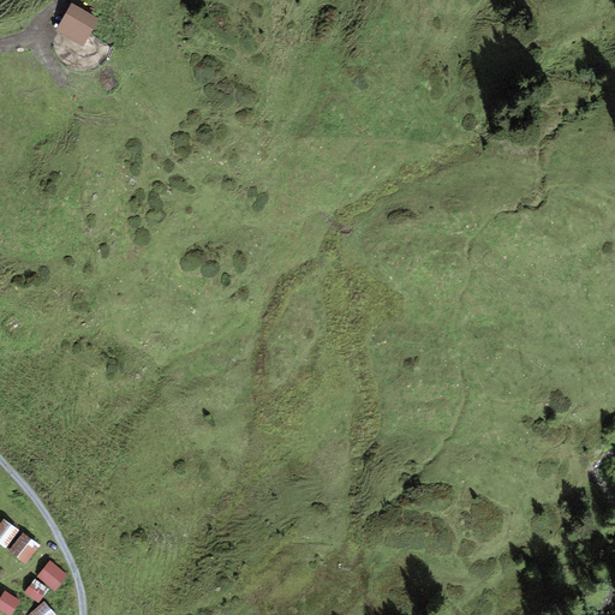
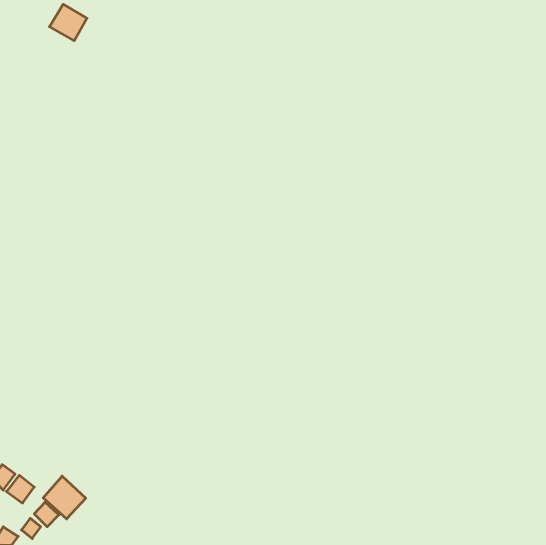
building: none -> [43,476,86,519]

